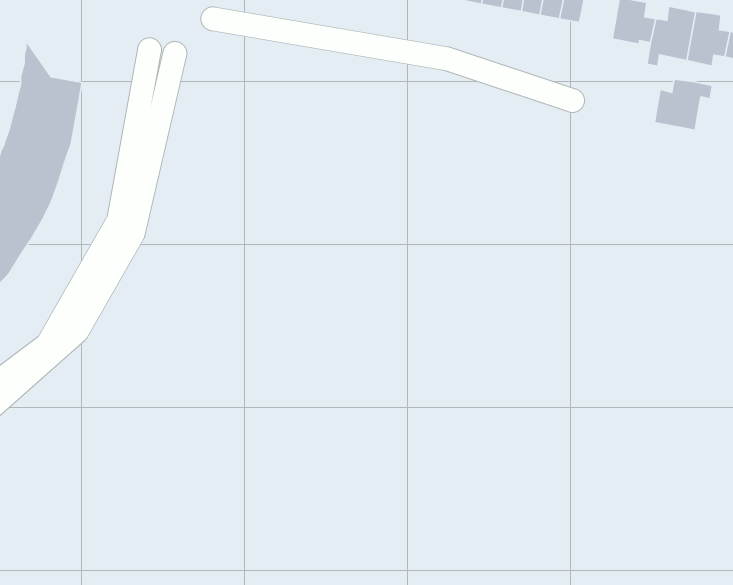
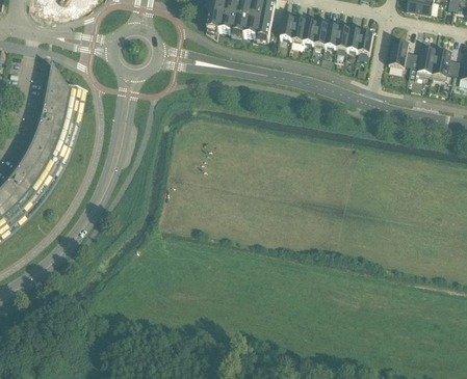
building: [654,79,713,130] -> none

